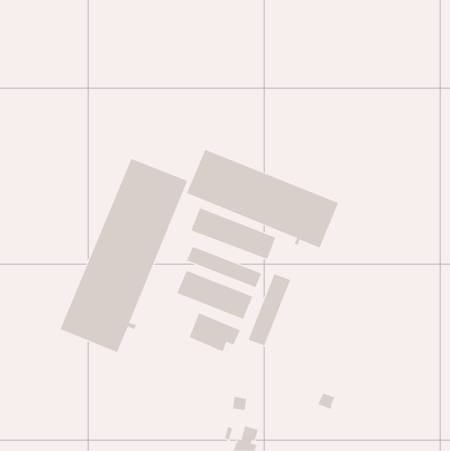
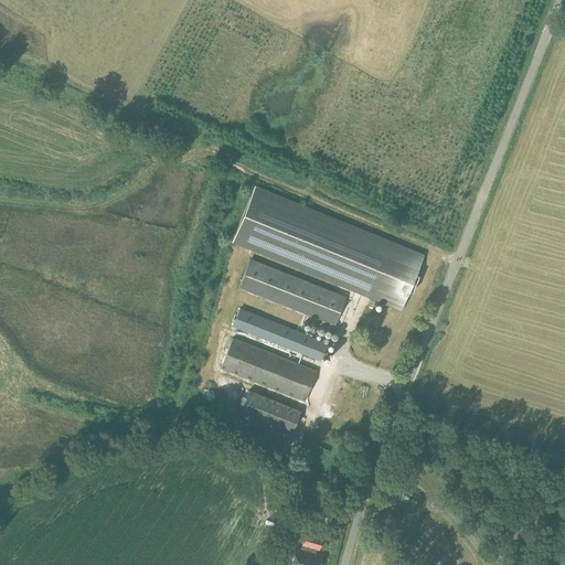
building: [60,158,188,353] -> none
building: [248,273,291,346] -> none

